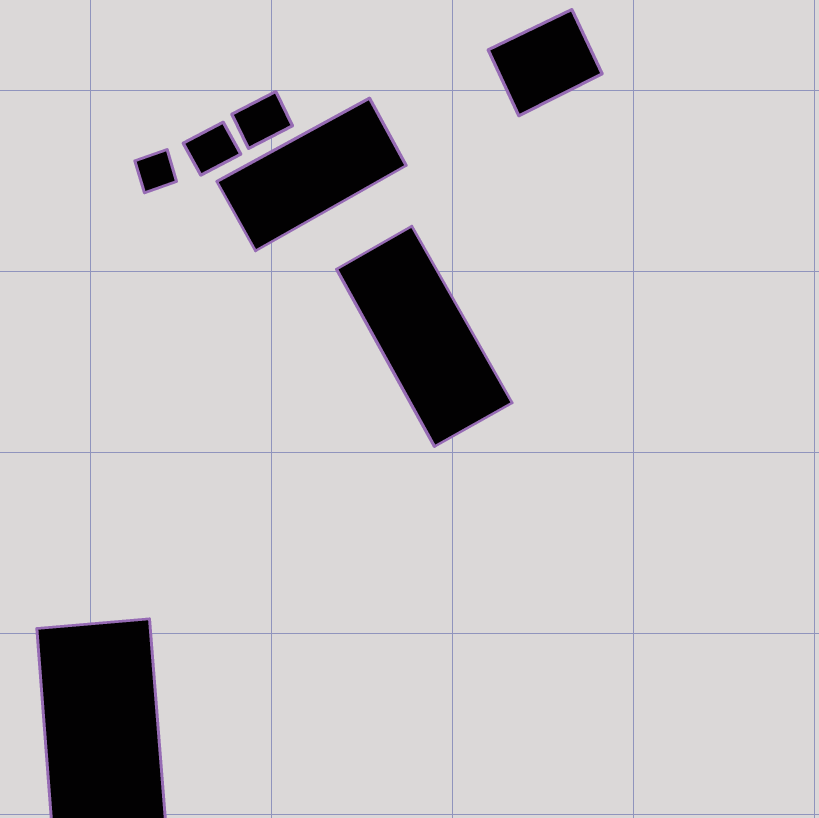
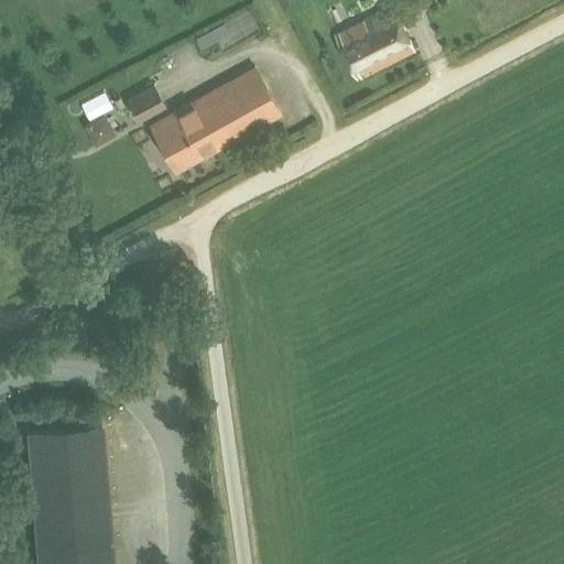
building: [232,91,292,149] -> none
building: [337,226,512,446] -> none

